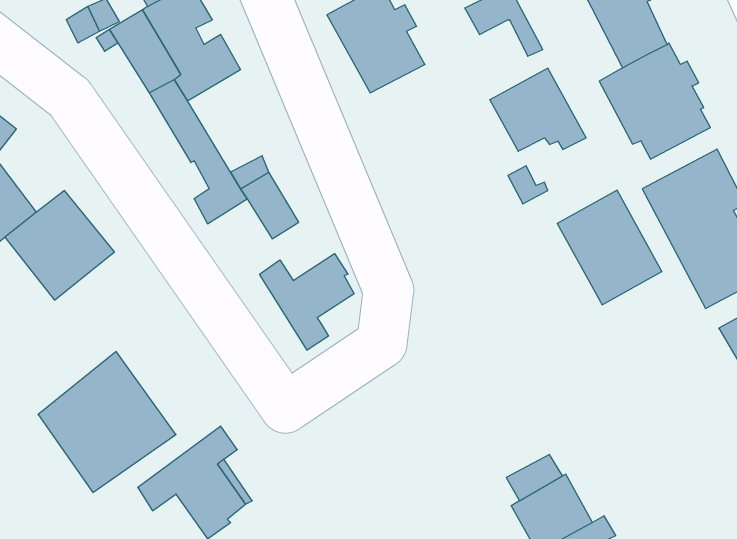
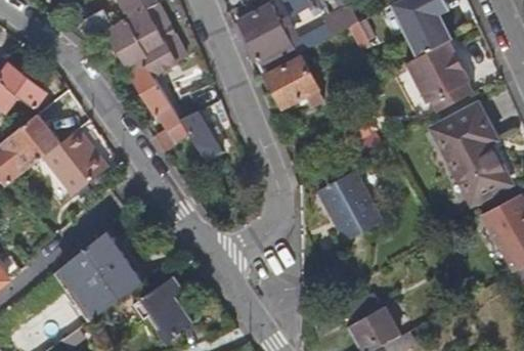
building: [490,68,586,151] -> [265,56,324,107]
building: [557,190,662,305] -> [317,170,382,240]
building: [260,254,354,350] -> none

